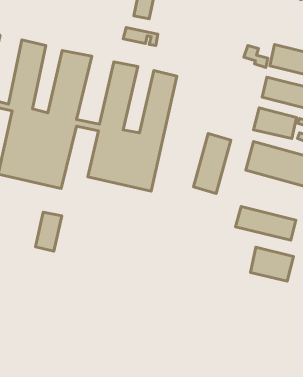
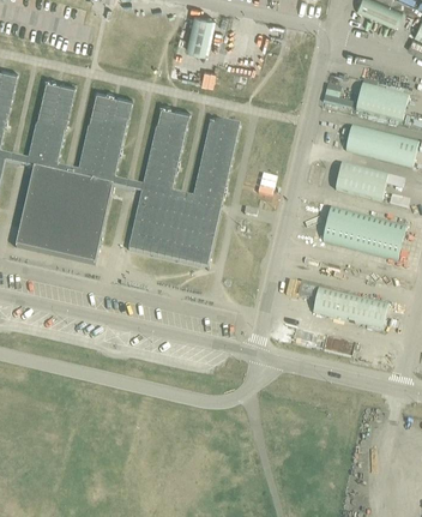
building: [193,134,231,193] -> none
building: [35,212,62,251] -> none
building: [250,247,294,281] -> none

